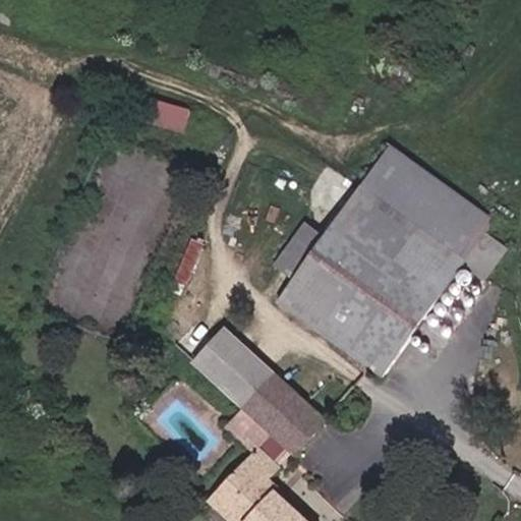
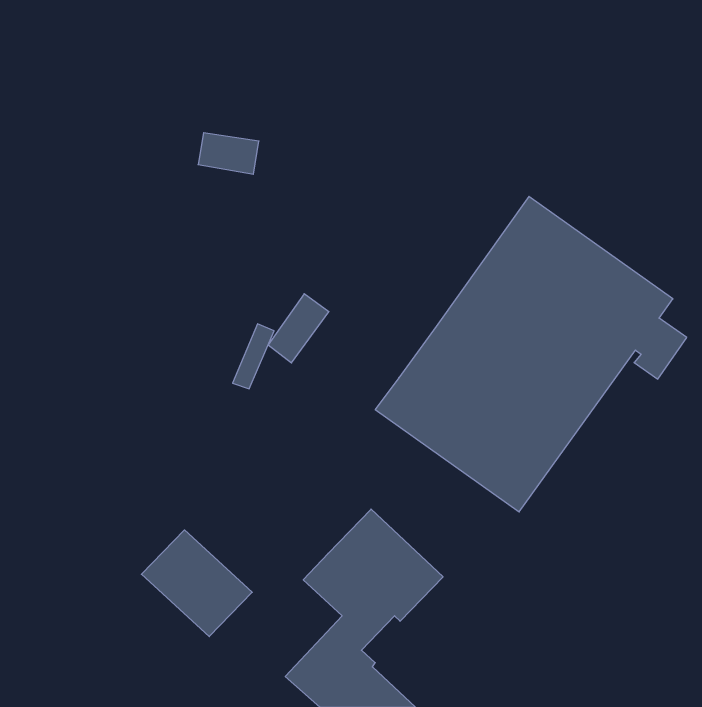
building: [276,227,321,278] -> [268,294,329,363]
building: [191,329,273,407] -> [141,530,252,637]

